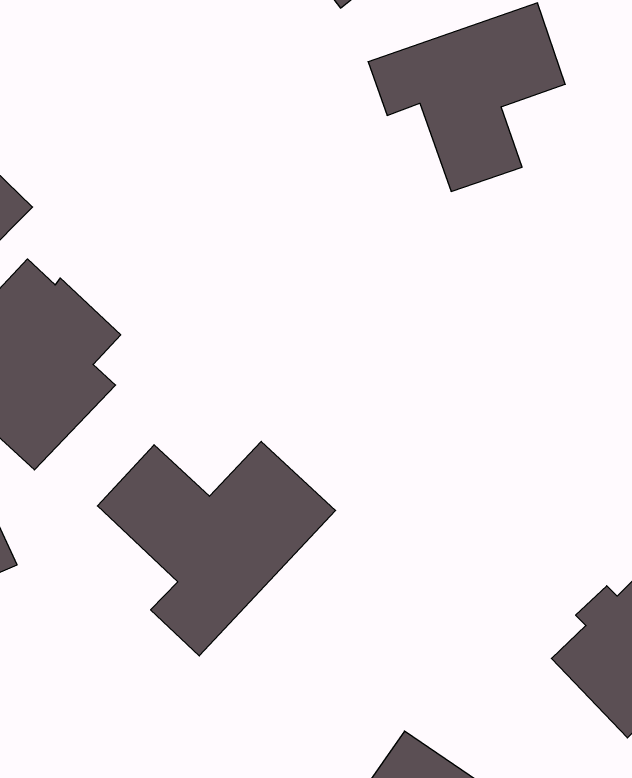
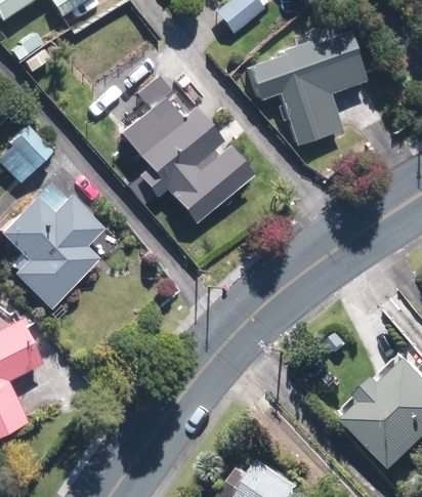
building: none -> [123,93,255,221]
building: [97,441,336,656] -> none

